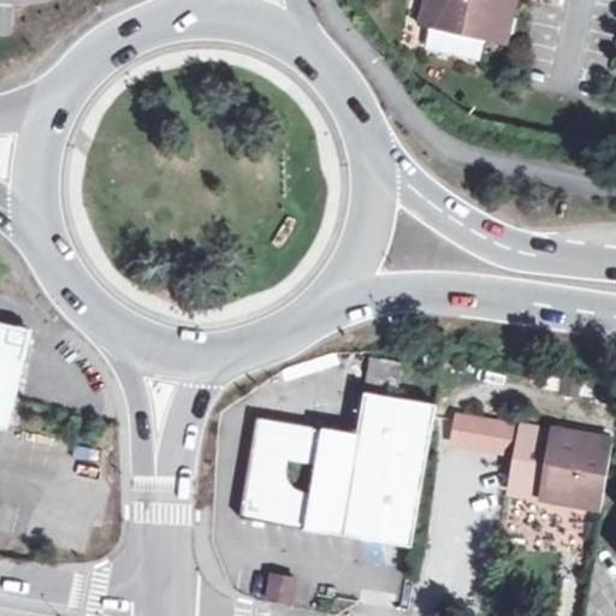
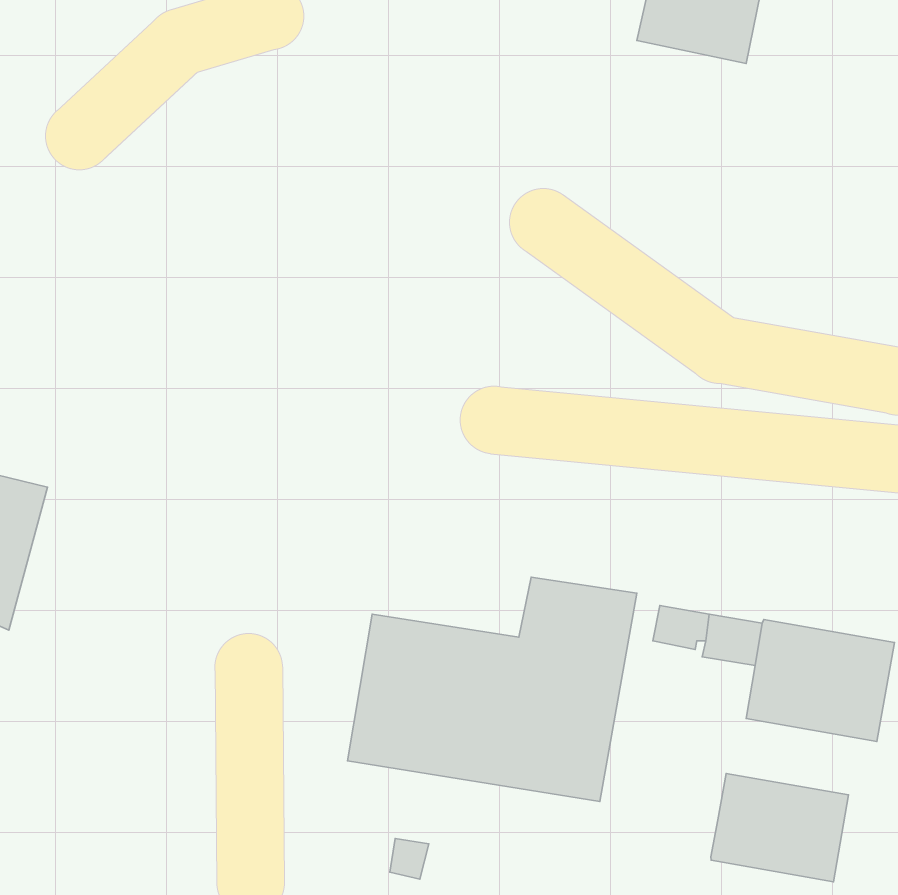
building: none -> [711,773,849,882]

